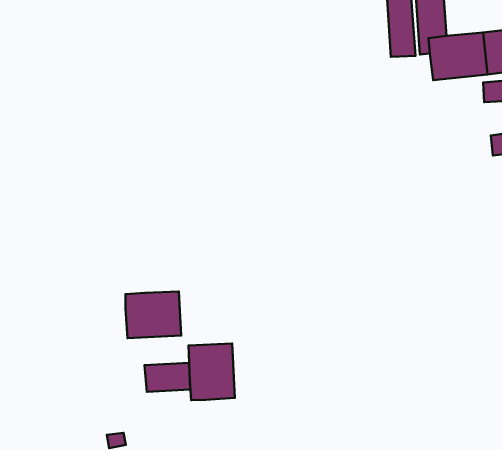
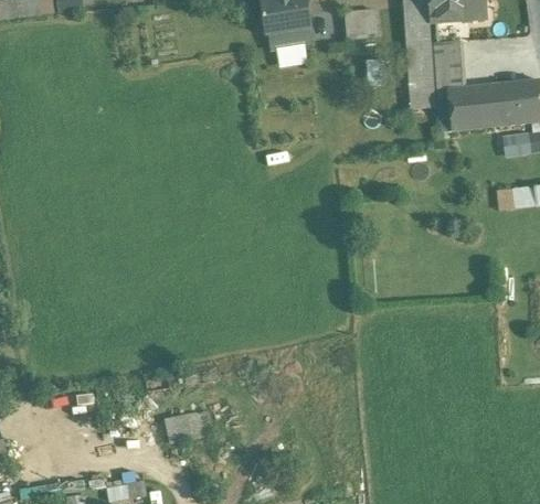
building: [125,292,181,338] -> none
building: [188,343,235,400] -> none

